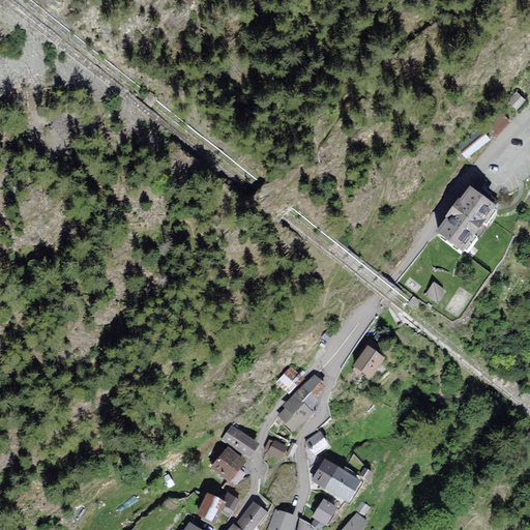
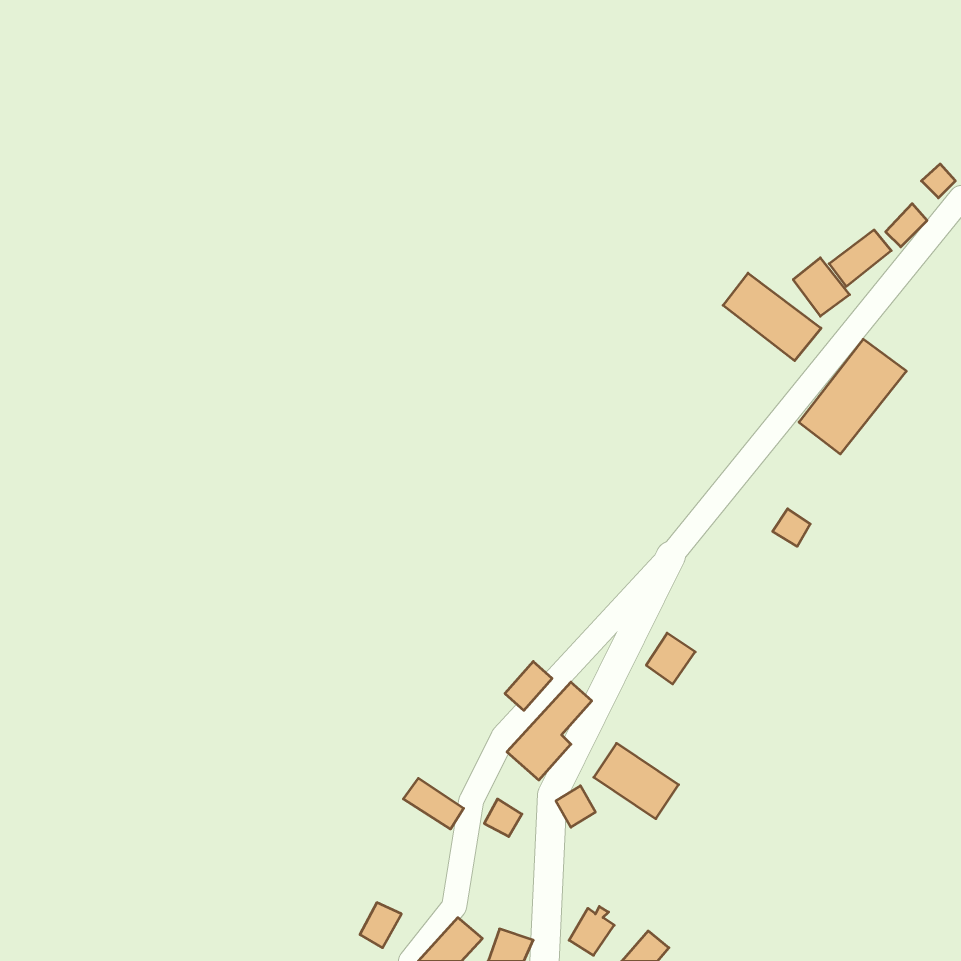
building: none -> [793,258,850,316]
building: none -> [723,273,821,361]
building: [208,446,244,482] -> none
building: [315,460,361,501] -> [594,743,679,819]

